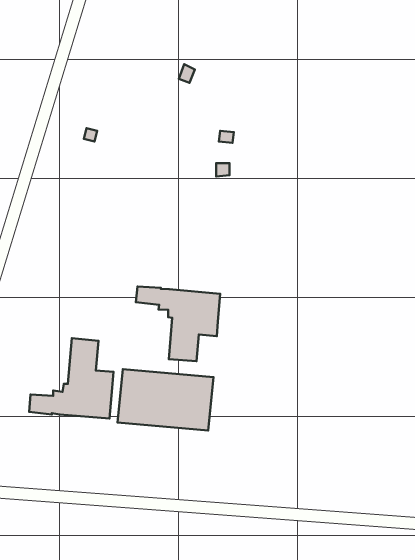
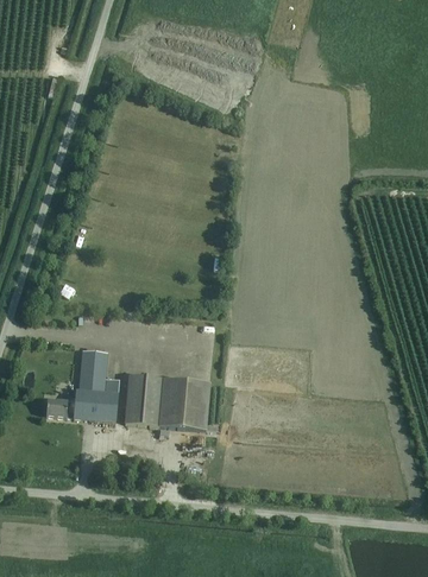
building: [136,286,220,361] -> none

